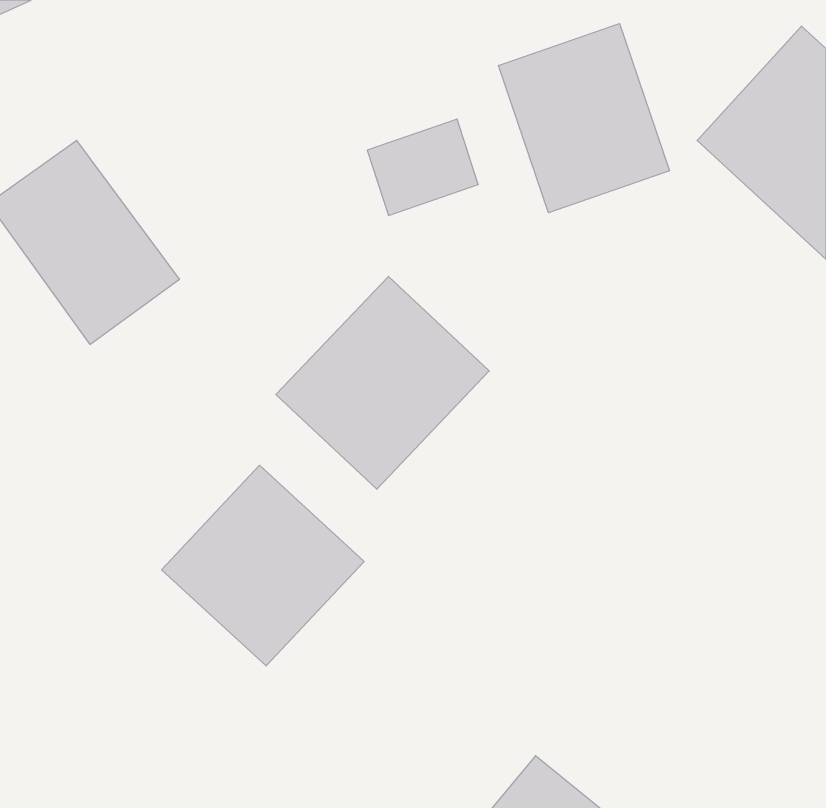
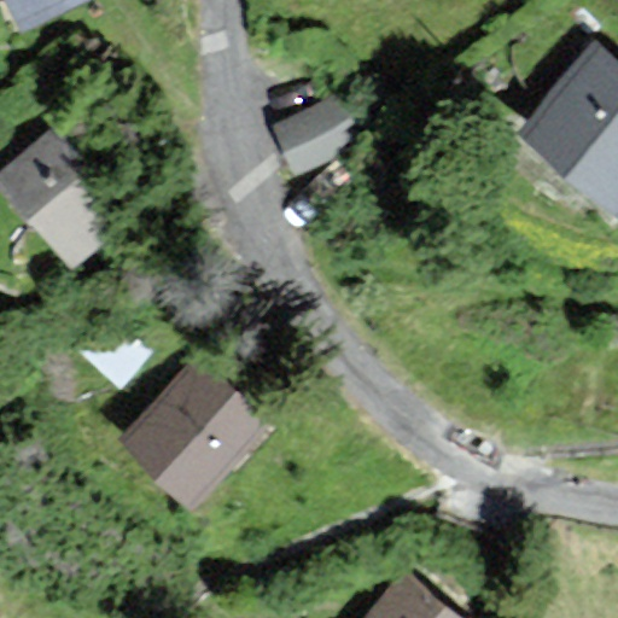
building: [499,24,669,213] -> none
building: [276,276,489,489] -> none

